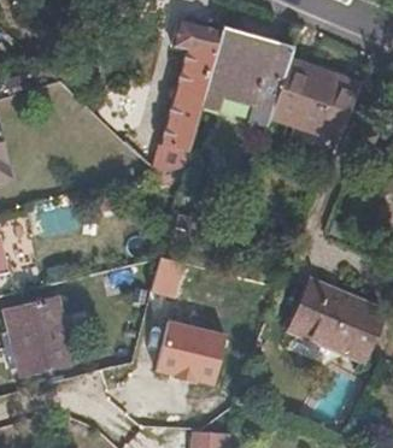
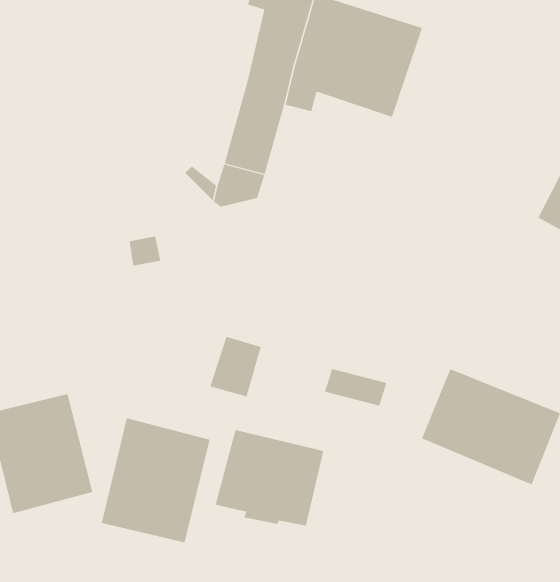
building: [270,61,363,141] -> none
building: none -> [101,418,210,543]

